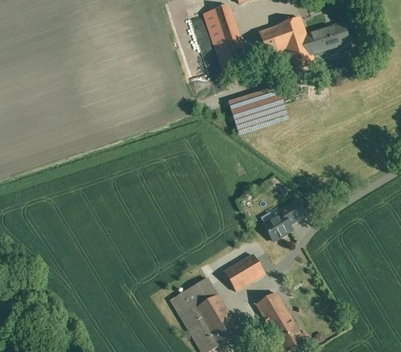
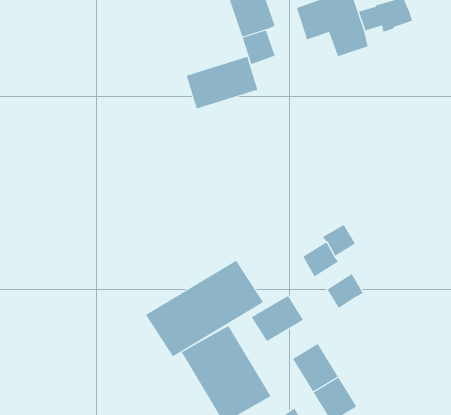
building: [229,87,285,128] -> [186,56,258,109]
building: none -> [145,260,264,357]
building: none -> [327,273,363,308]

